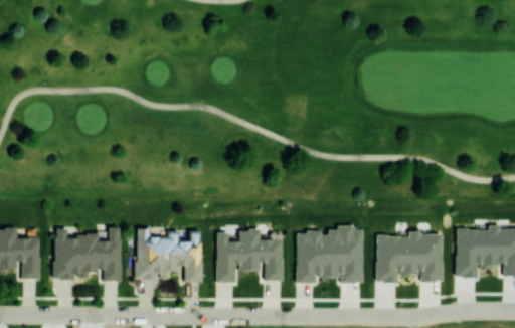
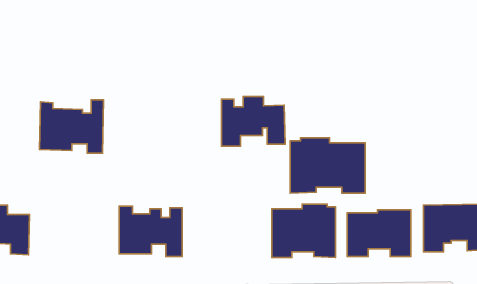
building: none -> [290,138,365,193]
building: [53,225,121,282] -> [40,100,103,153]
building: [216,229,284,282] -> [221,96,285,146]

